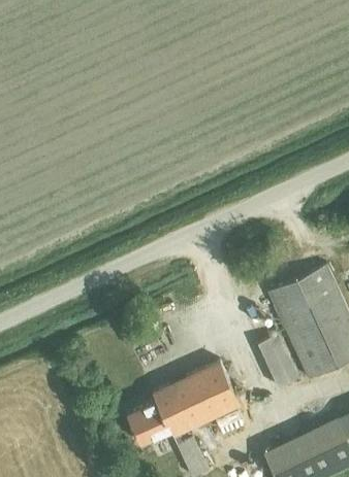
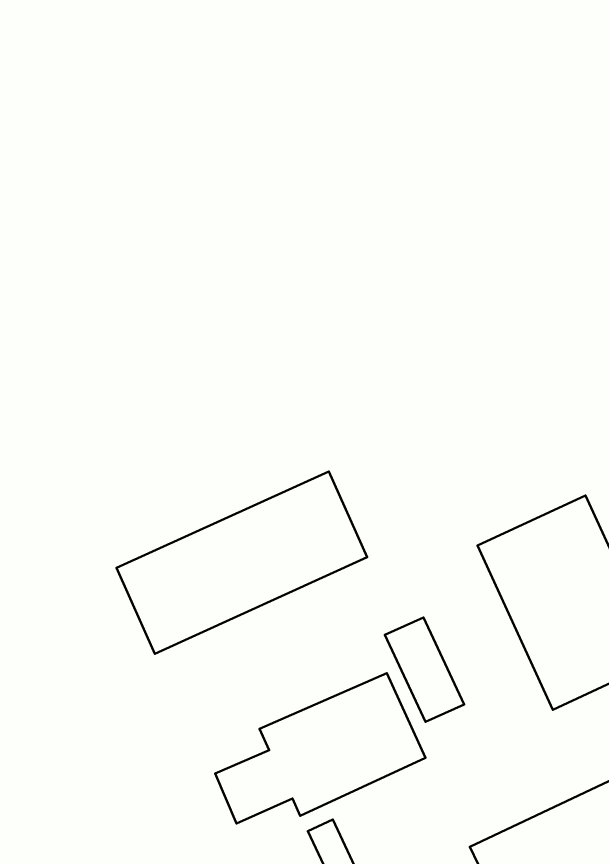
building: none -> [117,471,367,654]
building: [257,334,299,389] -> [385,618,464,722]

